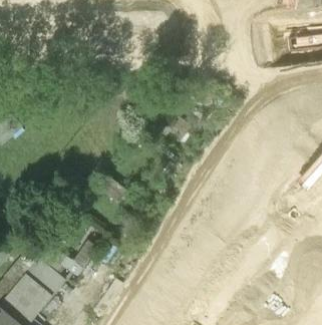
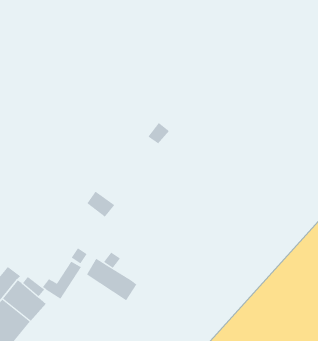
building: none -> [86,258,137,301]

